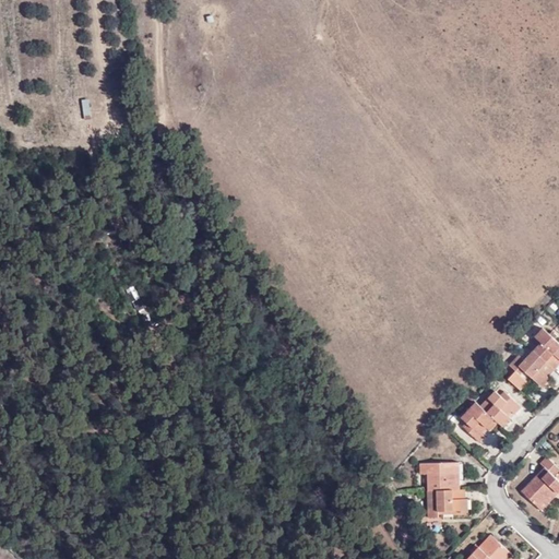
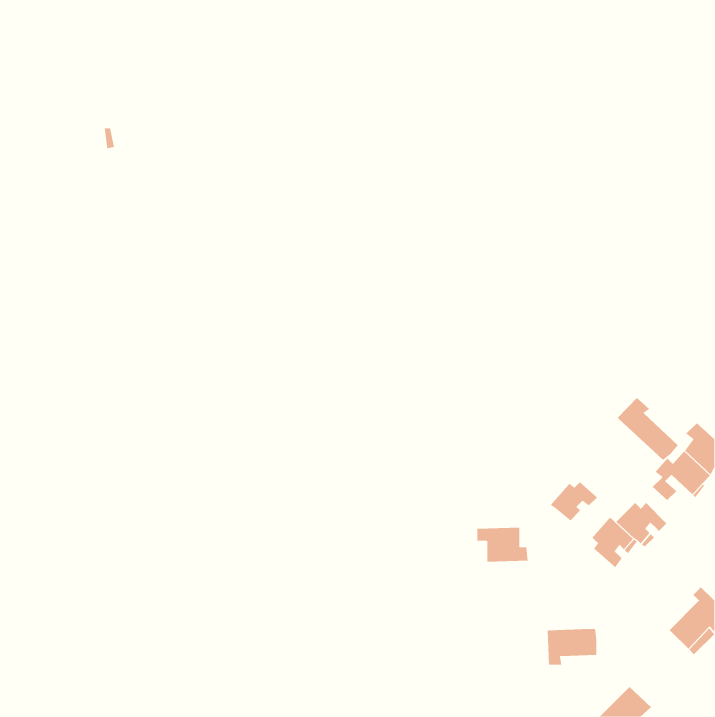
building: none -> [617,397,679,461]
building: none -> [550,481,598,522]
building: [419,463,460,490] -> [477,527,528,562]

